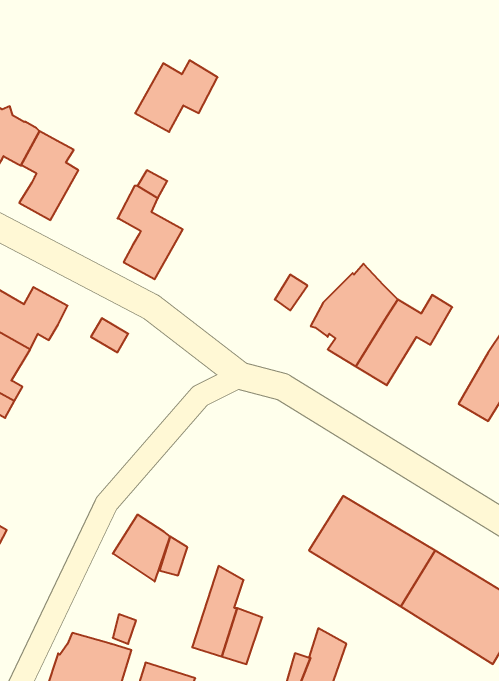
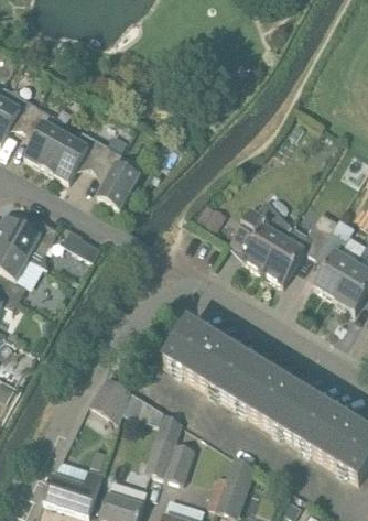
building: [135,60,218,132] -> [45,129,104,180]
building: none -> [313,228,355,296]
building: none -> [163,322,252,400]

